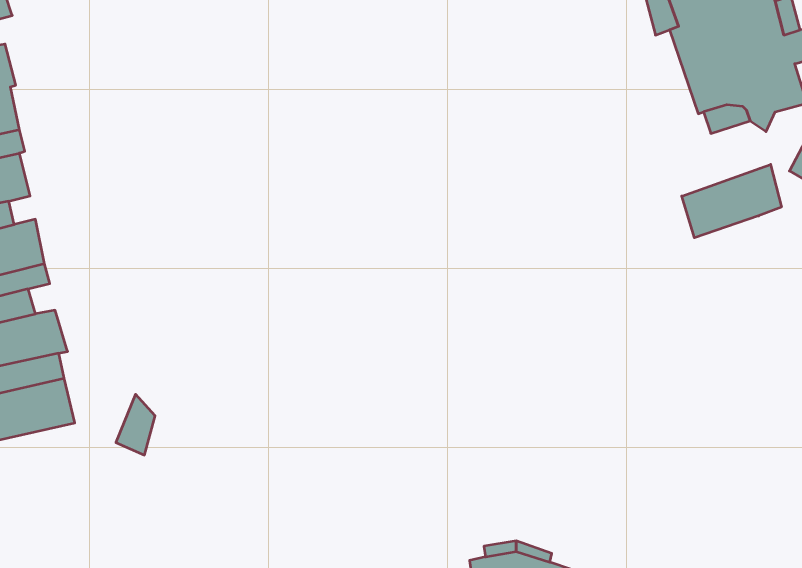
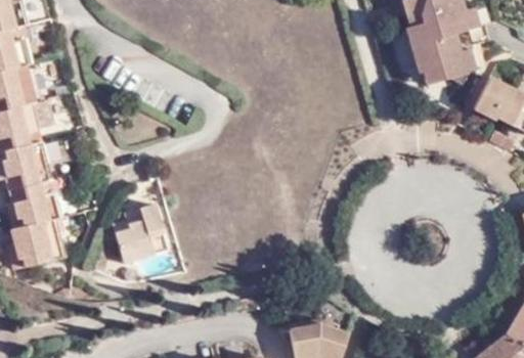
building: [682,164,781,238] -> none
building: none -> [116,204,172,265]

